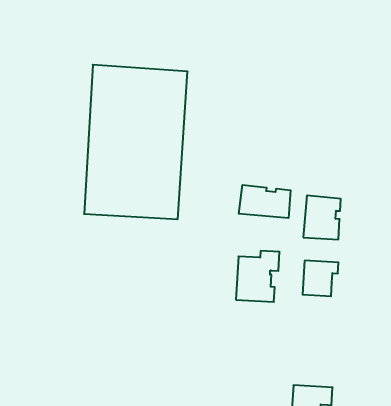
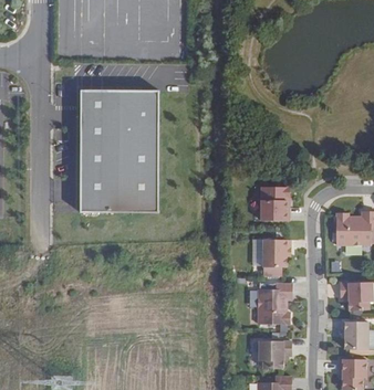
building: [239,185,291,218] -> none
building: [236,251,280,302] -> [258,283,291,324]

